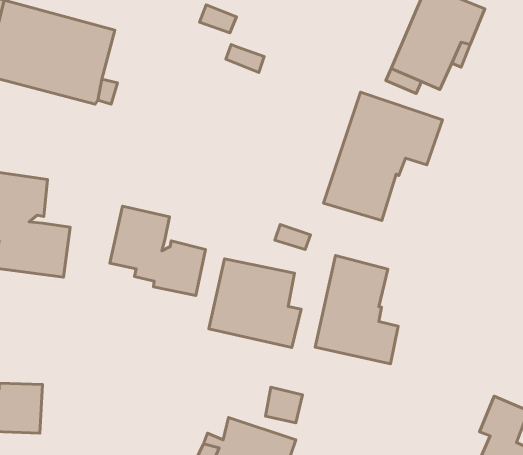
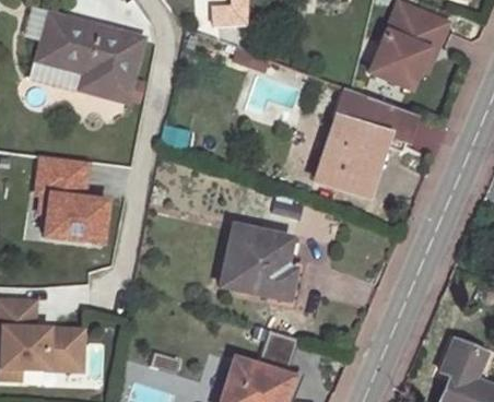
building: [110,206,205,296] -> none
building: [315,256,398,364] -> none

